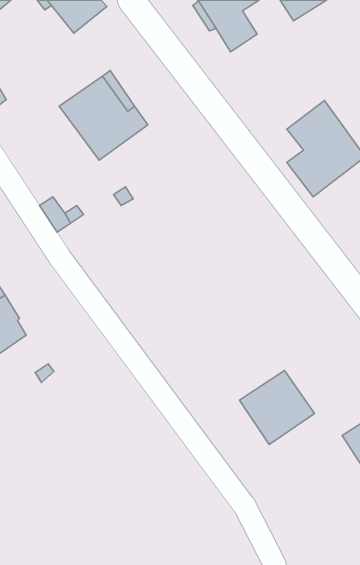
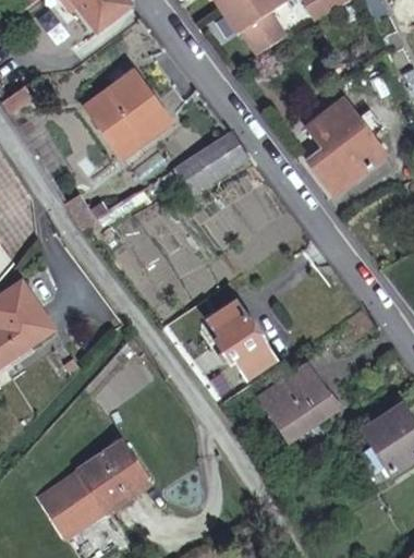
building: none -> [176,132,246,192]
building: none -> [209,302,273,377]
building: none -> [39,442,147,535]

